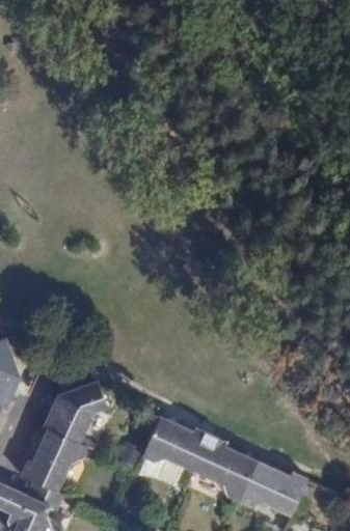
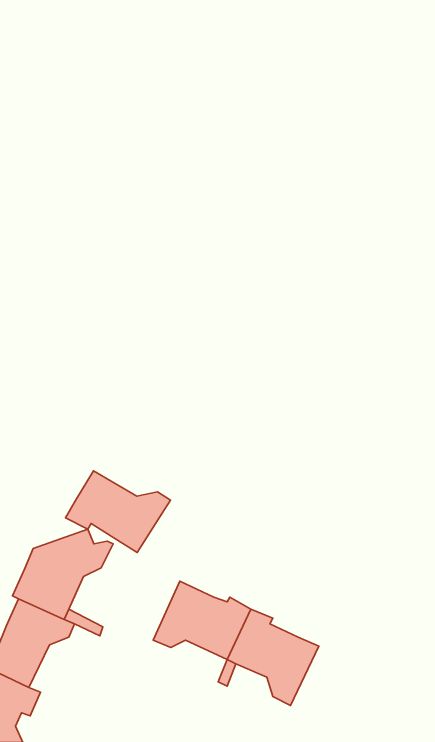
building: none -> [65,471,171,553]
building: [239,462,308,516] -> none

